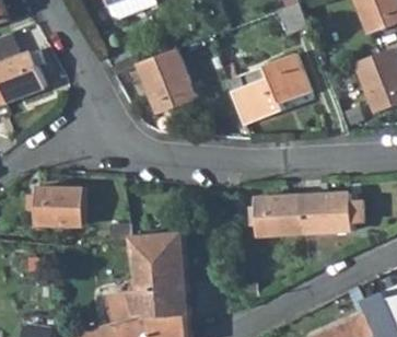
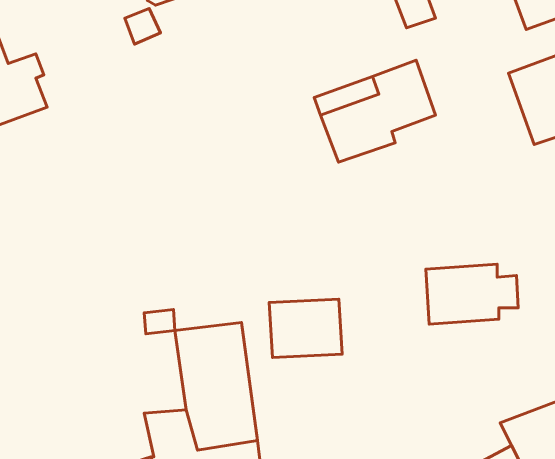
building: [137,49,194,114] -> none
building: [33,187,82,225] -> none
building: [253,196,302,235] -> [269,299,342,357]

